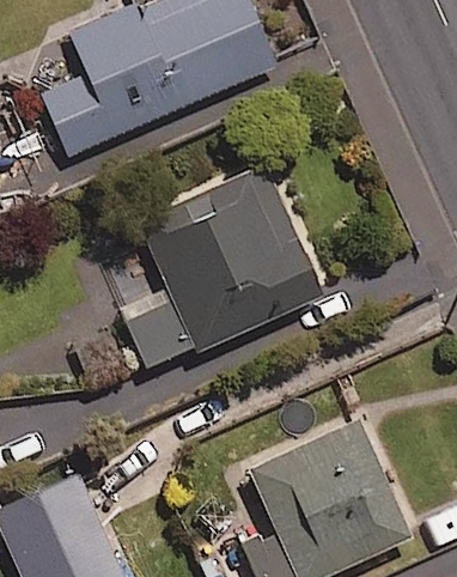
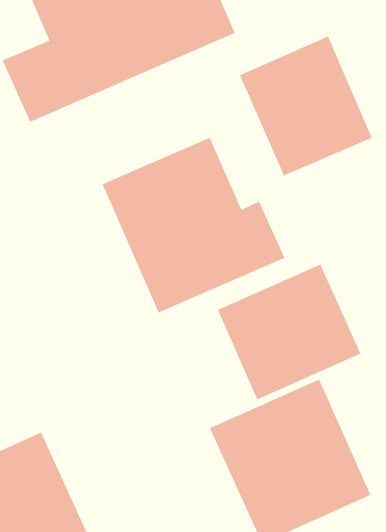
building: none -> [239,36,373,177]
building: none -> [217,263,361,401]

